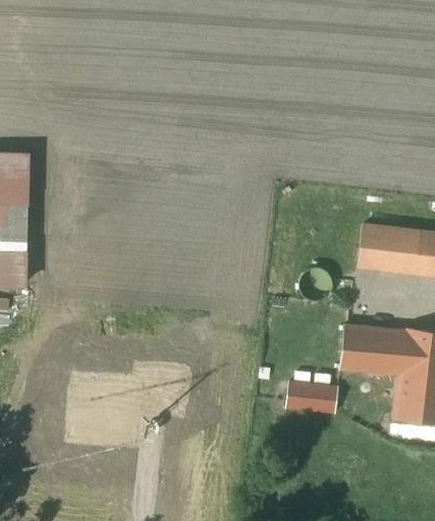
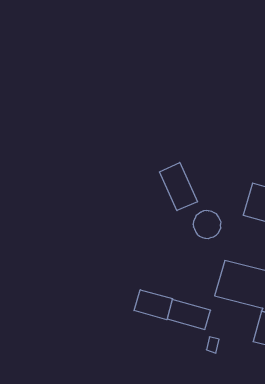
building: none -> [159,162,197,211]
building: none -> [134,290,172,320]

